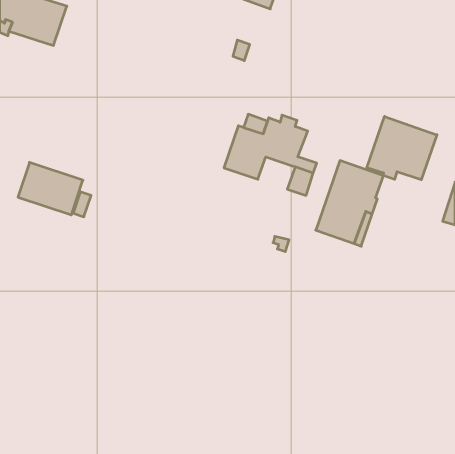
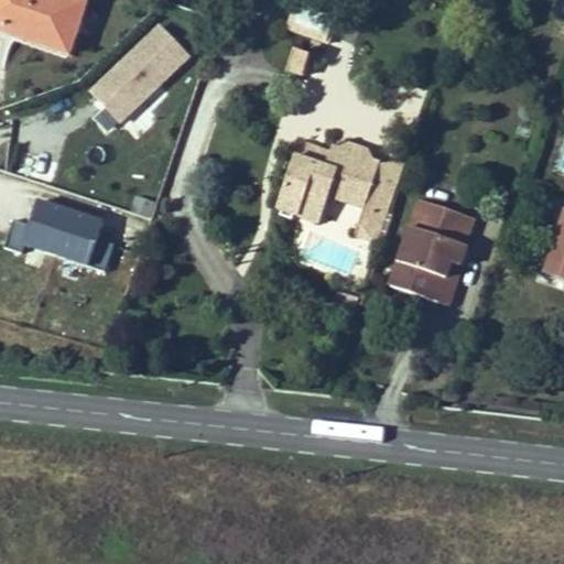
building: none -> [86,20,192,121]
building: [367,116,437,180] -> none
building: none -> [368,158,406,202]

